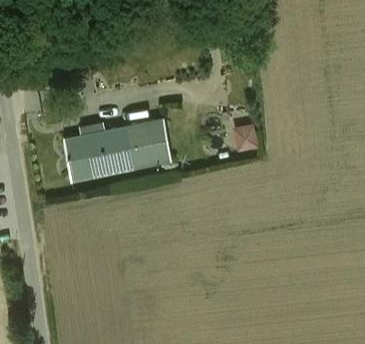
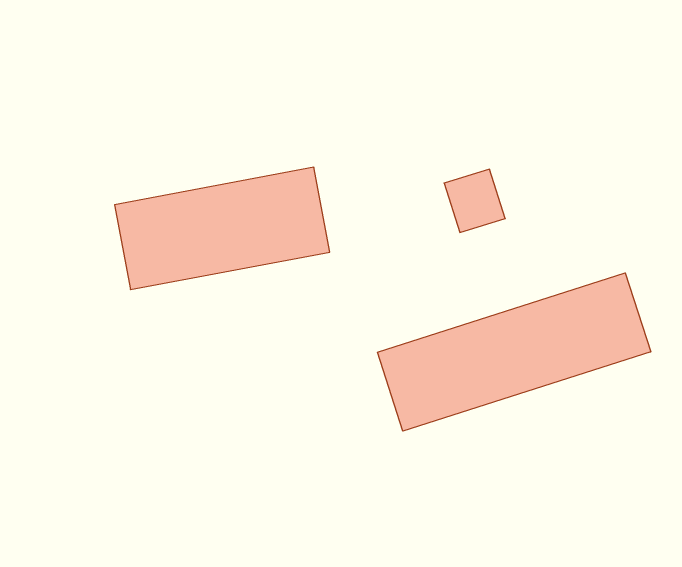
building: none -> [377,273,651,431]

